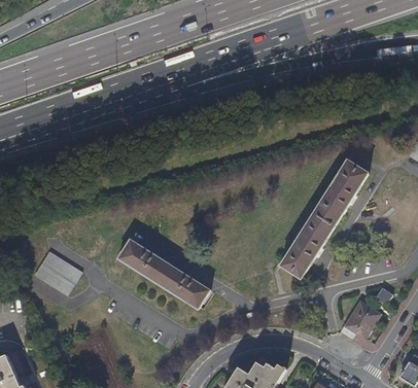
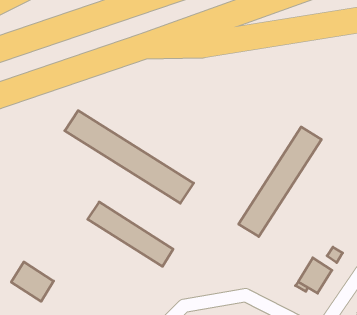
building: none -> [65,111,194,203]
building: [34,253,79,295] -> [11,262,54,301]

